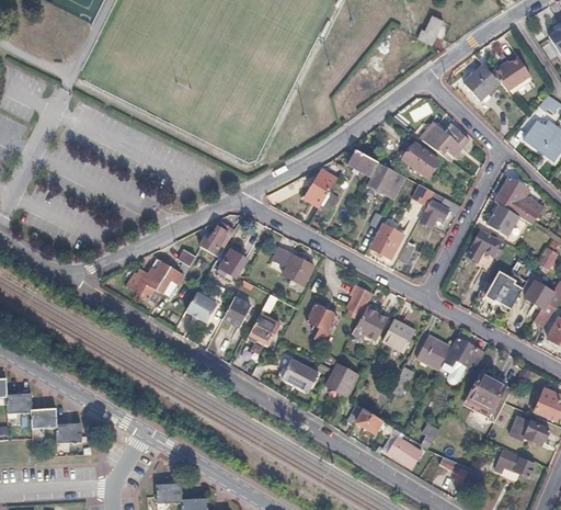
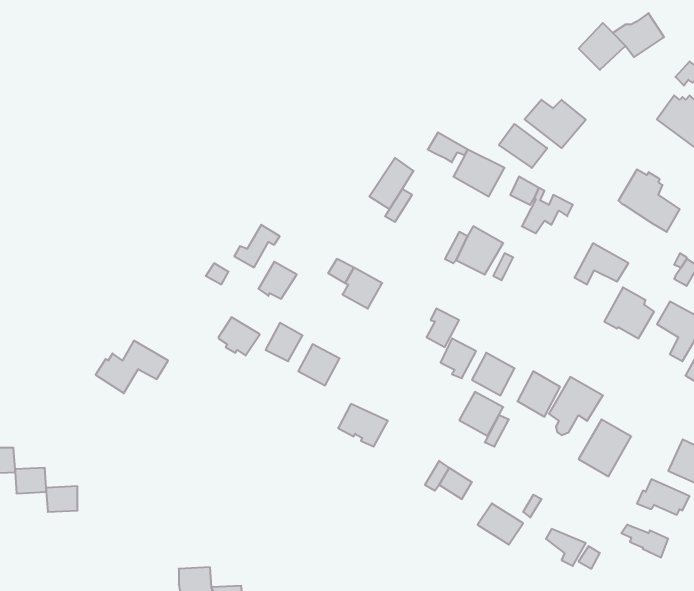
building: [482,205,522,245] -> none
building: [126,259,182,299] -> [96,341,168,393]
building: [306,304,336,342] -> none
building: [324,362,358,396] -> [459,392,503,436]

